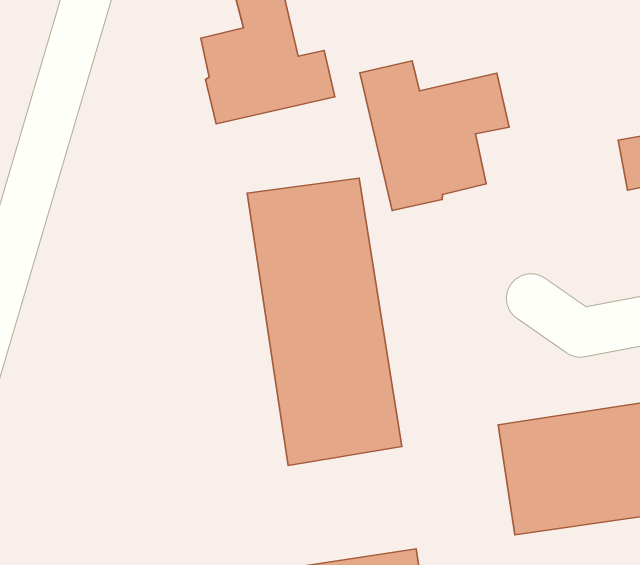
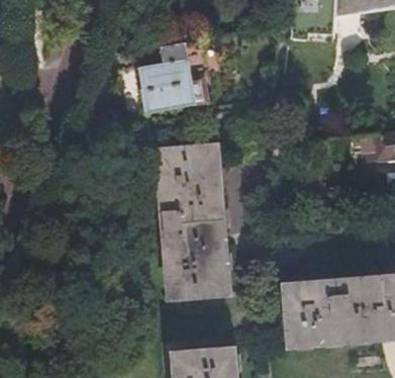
building: [360,61,509,211] -> none

